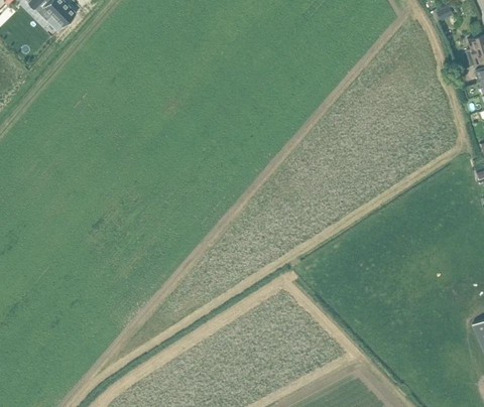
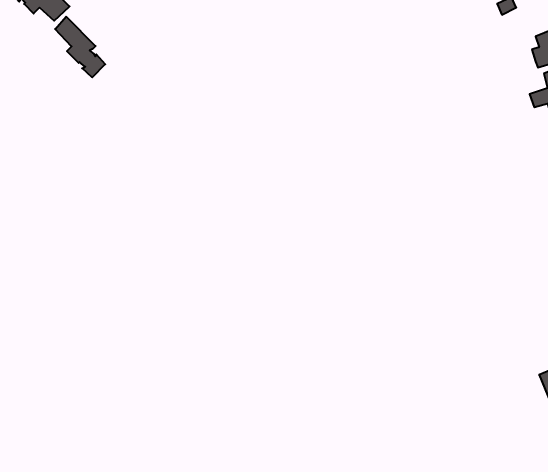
building: none -> [55,17,105,77]

